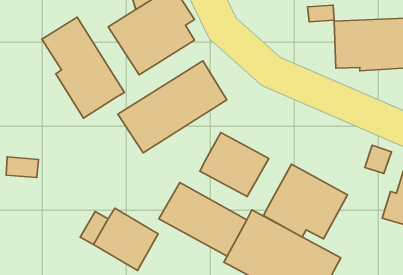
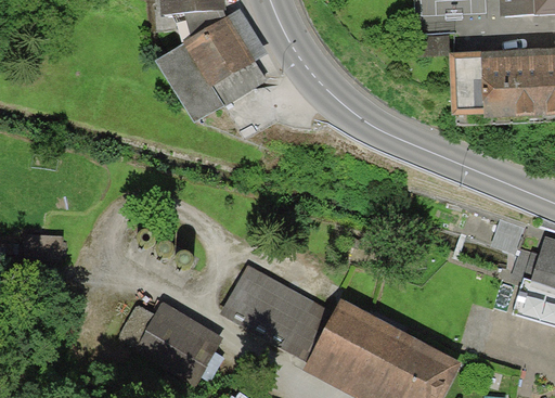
building: [42,17,125,118] -> none
building: [118,61,227,153] -> none
building: [200,132,269,197] -> none
building: [263,164,347,239] -> none

